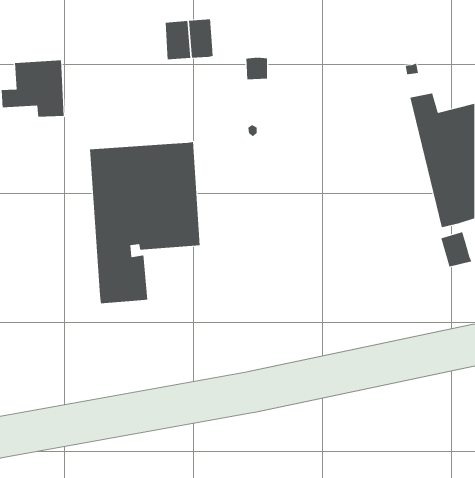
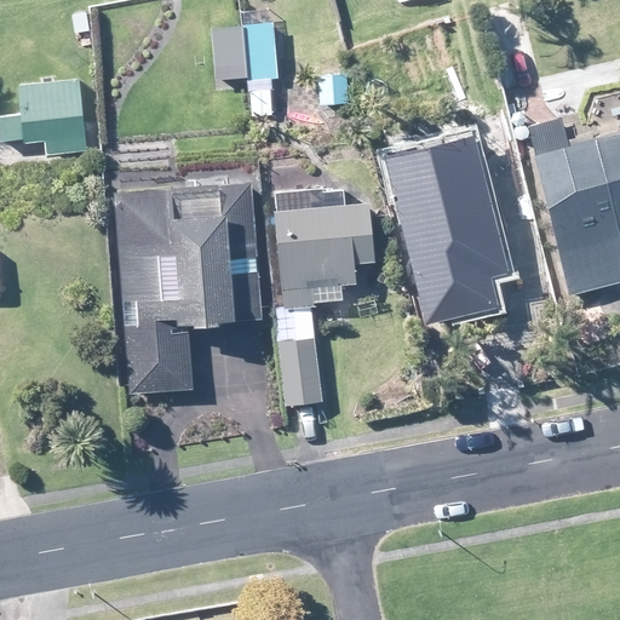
building: none -> [388,148,511,325]
building: none -> [275,205,374,306]
building: none -> [277,339,320,406]

